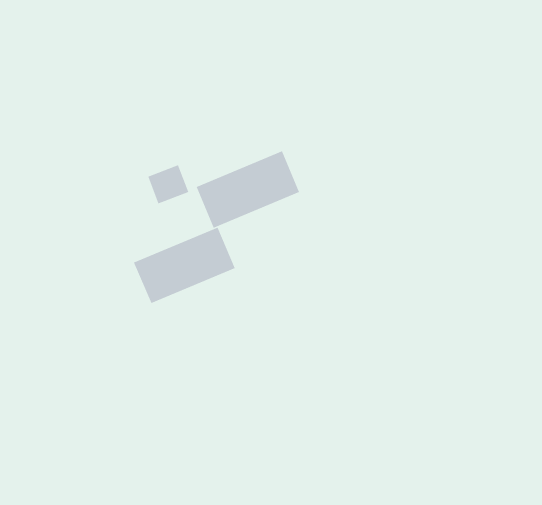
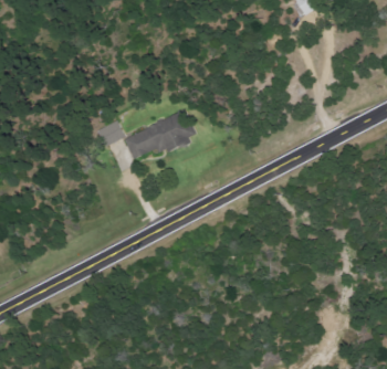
building: [133,227,236,304] -> none

